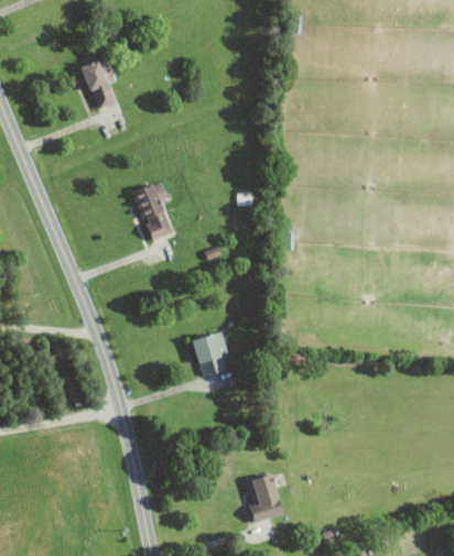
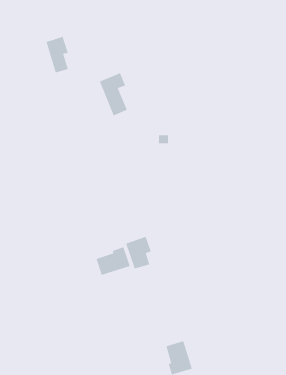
building: [131,179,171,240] -> [99,72,128,116]
building: none -> [96,246,131,276]

